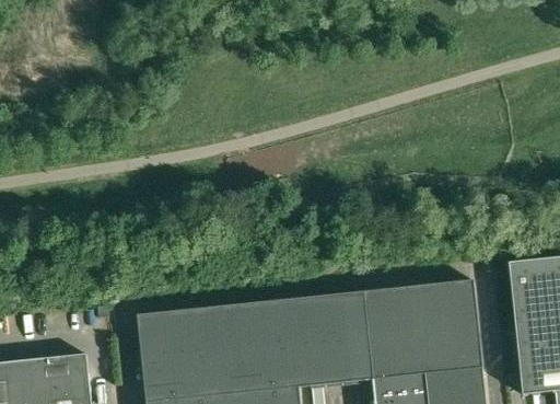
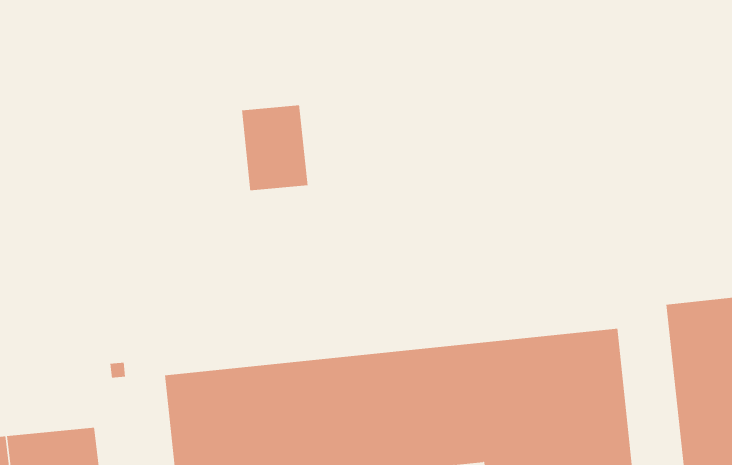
building: none -> [241,105,308,191]

